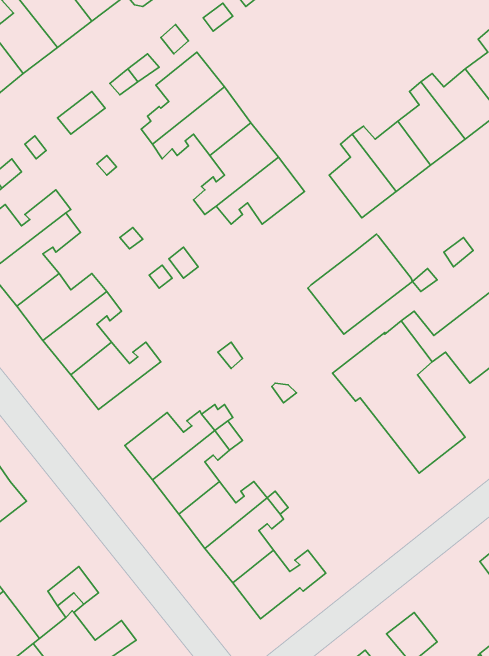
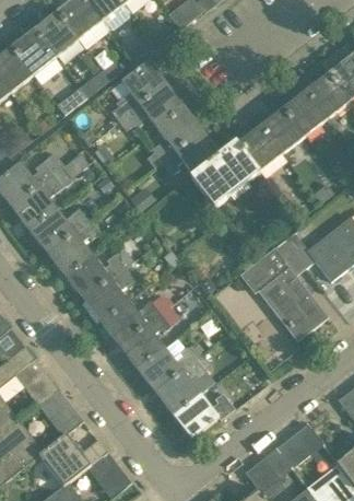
building: [308,234,413,334] -> [190,140,260,207]
building: none -> [83,266,134,322]
building: none -> [25,371,59,405]

